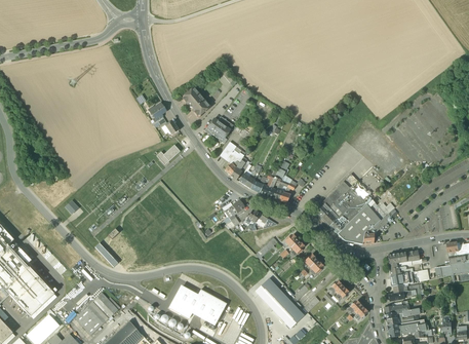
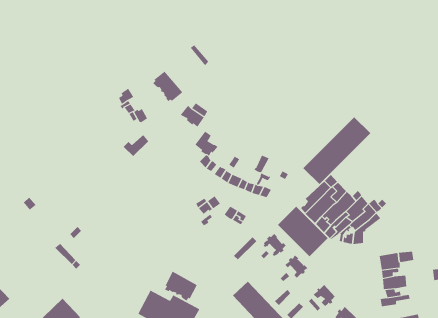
building: none -> [302,117,371,185]
building: none -> [277,206,329,257]
building: none -> [164,271,198,302]

